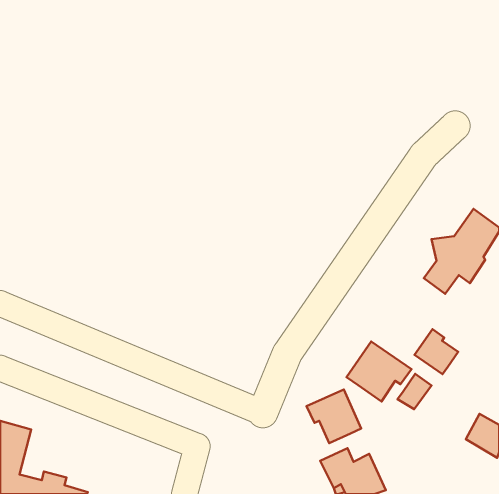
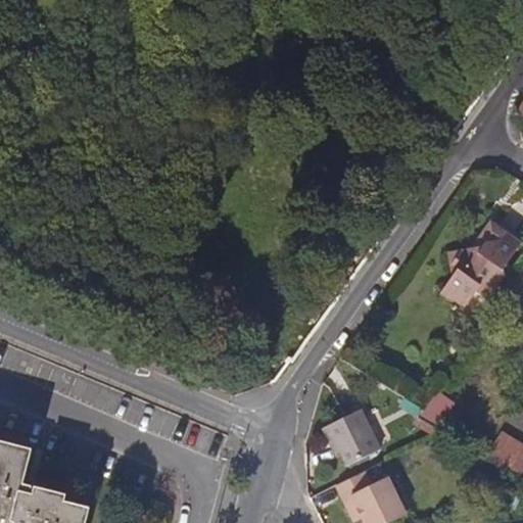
building: [415,329,458,374] -> none
building: [347,342,411,401] -> none

